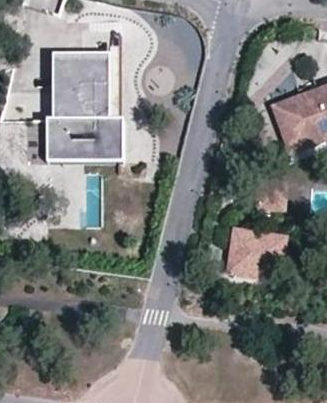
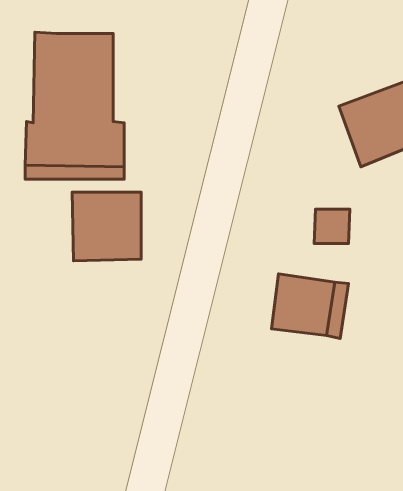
building: none -> [72,192,141,261]

